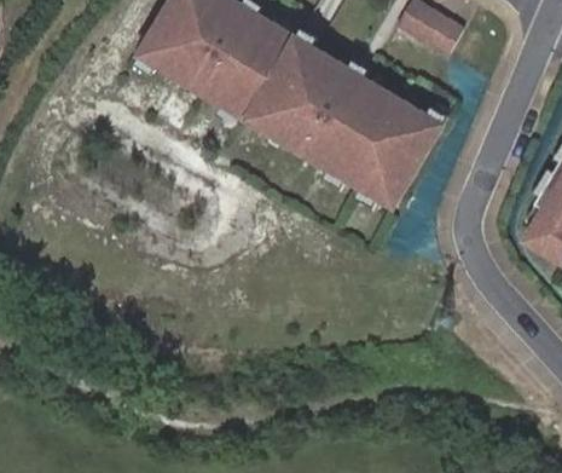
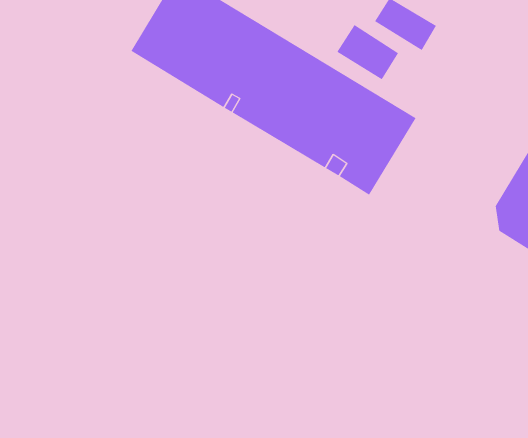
building: none -> [336,24,399,80]

